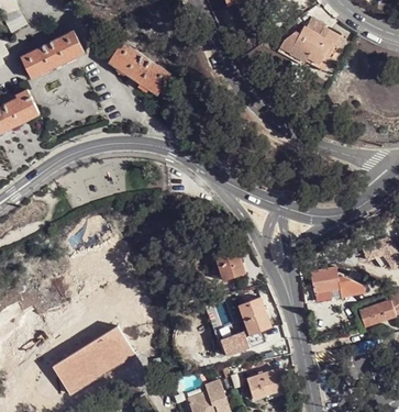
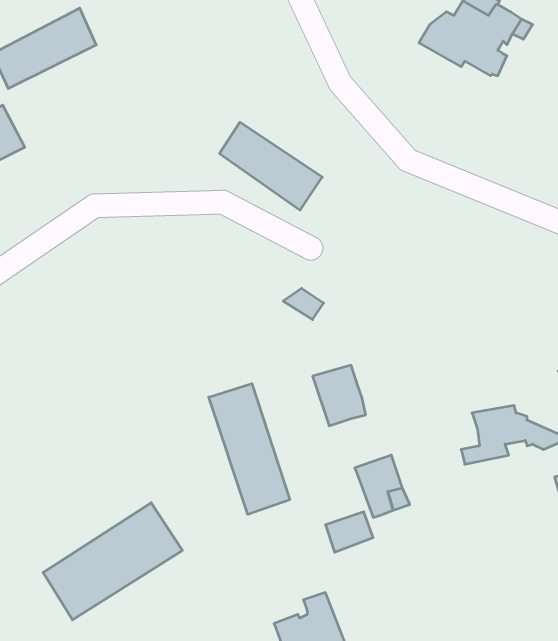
building: [109,42,170,94] -> [220,122,322,210]
building: none -> [209,384,290,514]
building: [250,368,286,396] -> none

